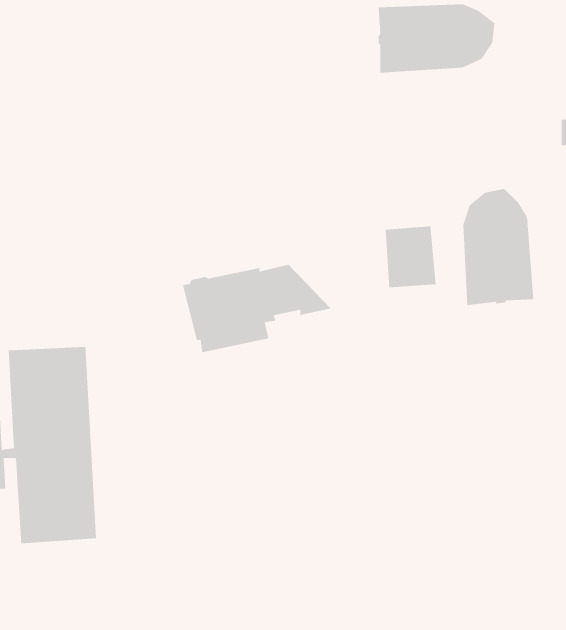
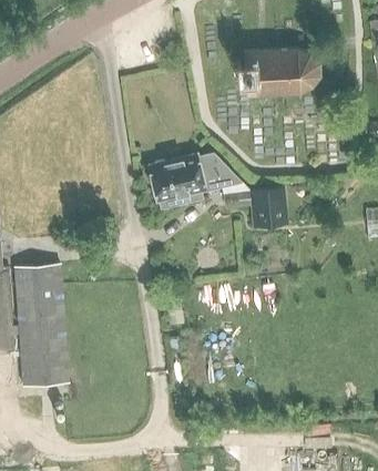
building: [463,188,534,306] -> none
building: [182,264,331,353] -> [147,154,241,209]

